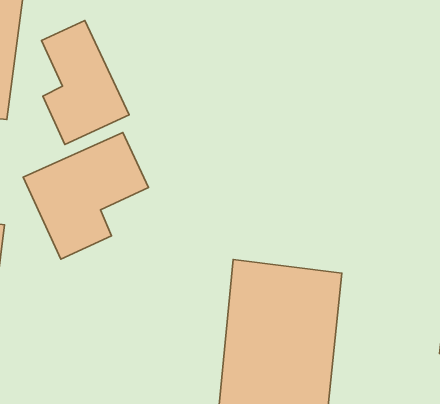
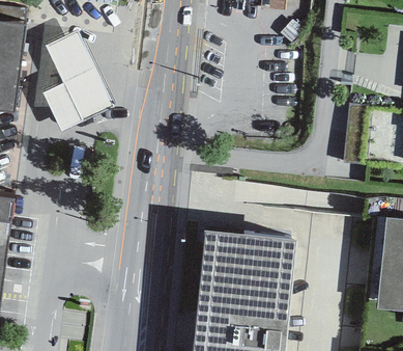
building: [23,132,148,259] -> none

